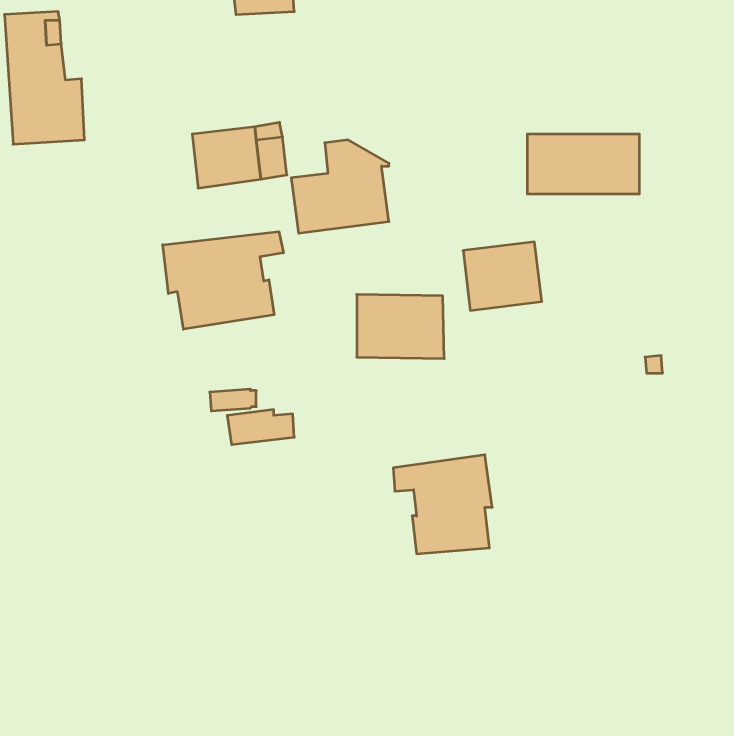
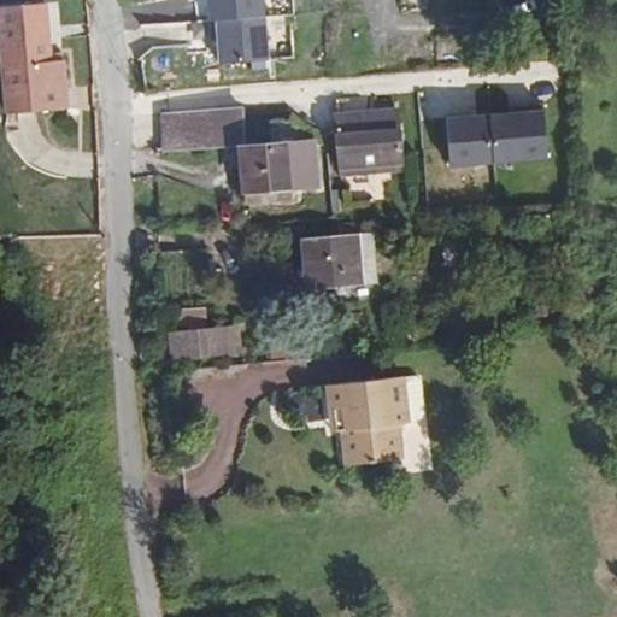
building: none -> [208,12,260,63]
building: [163,232,283,329] -> none
building: [463,242,542,310] -> [340,104,405,160]

